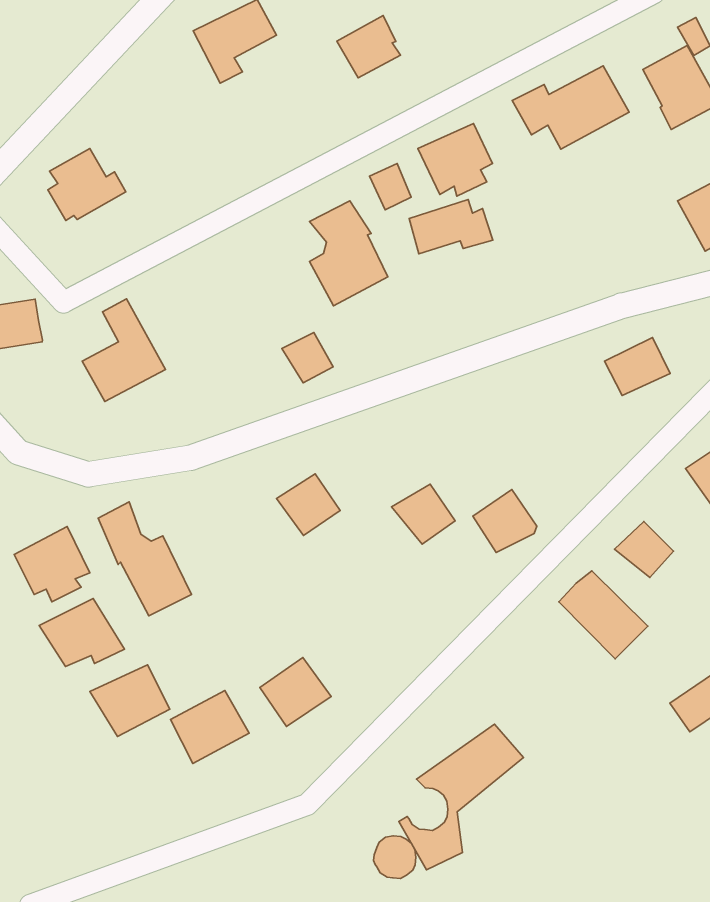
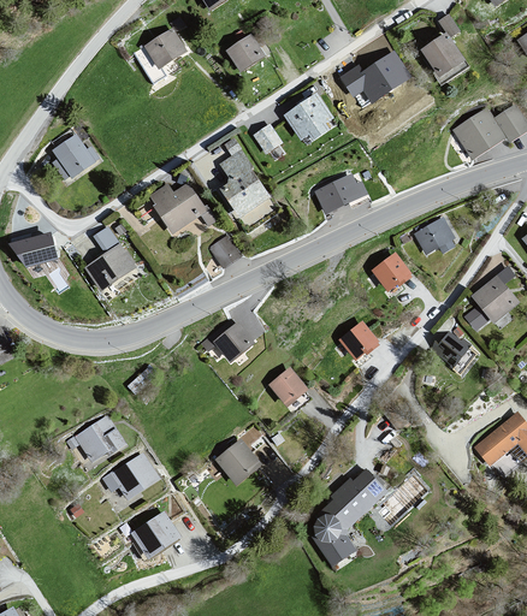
building: [409,200,493,254] -> [315,174,369,212]
building: none -> [149,183,217,235]
building: none -> [372,253,414,291]
building: [392,484,455,544] -> [267,368,308,407]
building: [98,502,191,616] -> none
building: [14,527,90,602] -> none
building: [559,571,648,659] -> none
building: [171,691,249,764] -> [131,513,182,561]
building: [374,836,416,879] -> [315,515,342,541]

